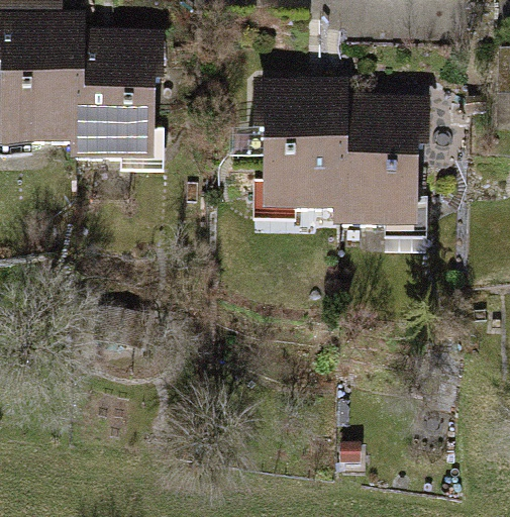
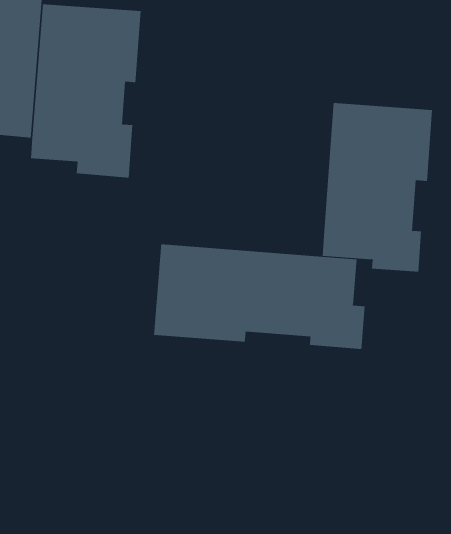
building: [249,79,339,225] -> none
building: none -> [154,244,365,350]

